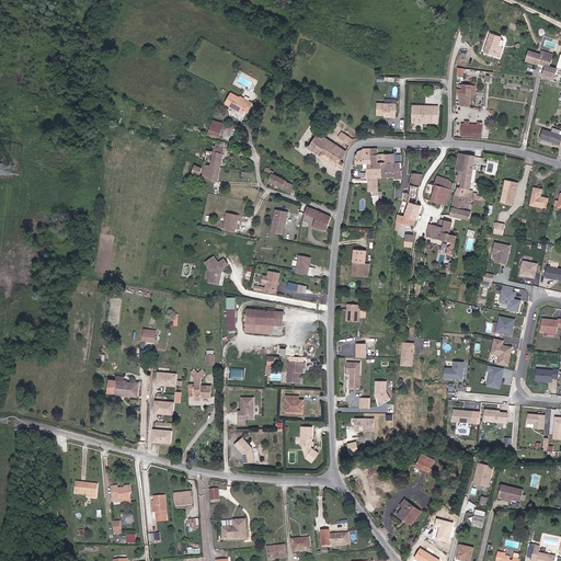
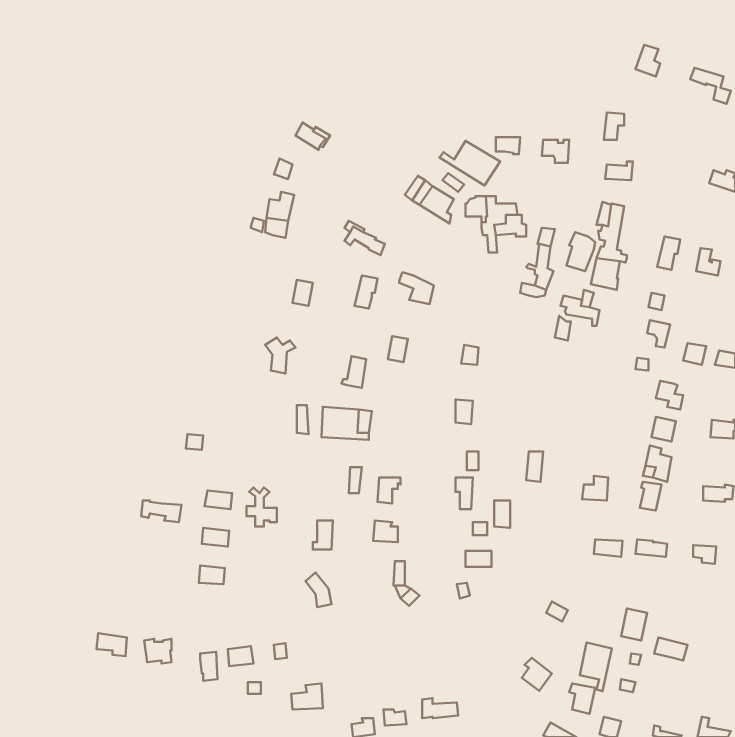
building: none -> [439,141,500,186]
building: none -> [580,642,612,691]

